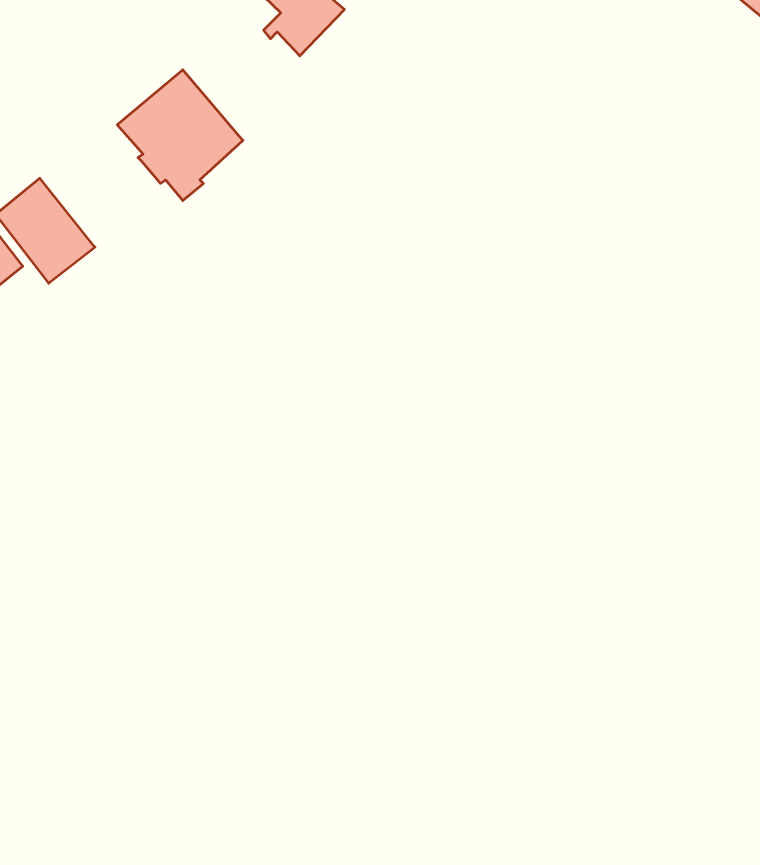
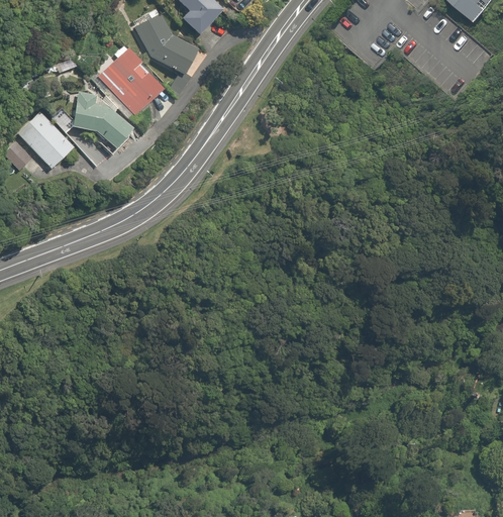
building: none -> [134,11,195,74]
building: none -> [73,91,131,147]

